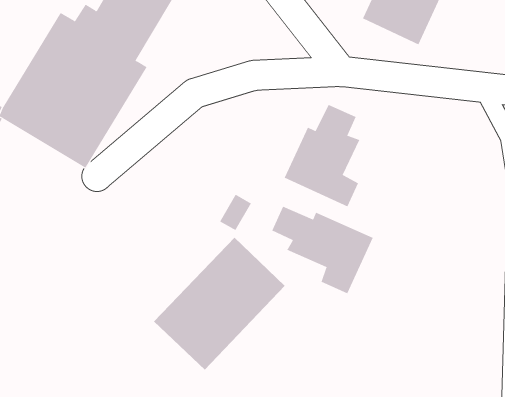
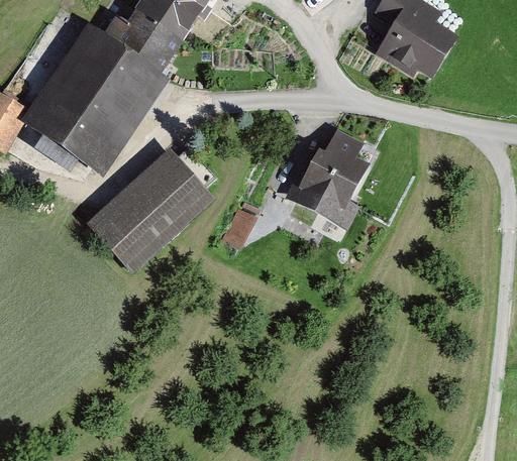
building: [272,206,373,294] -> none
building: [153,237,285,371] -> [89,150,218,276]

